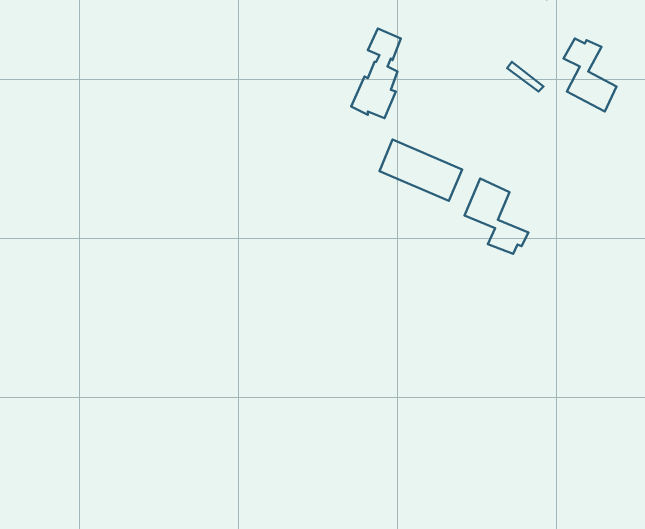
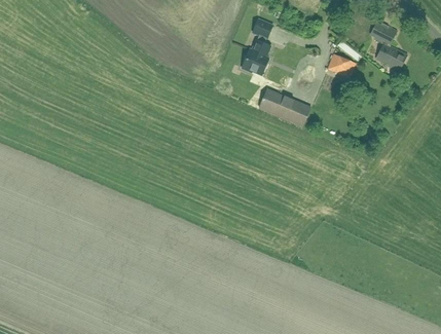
building: none -> [327,53,357,78]
building: [464,178,529,254] -> none

